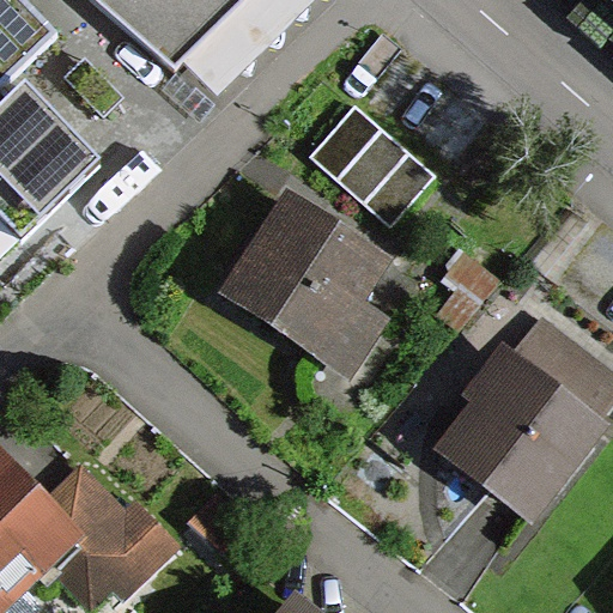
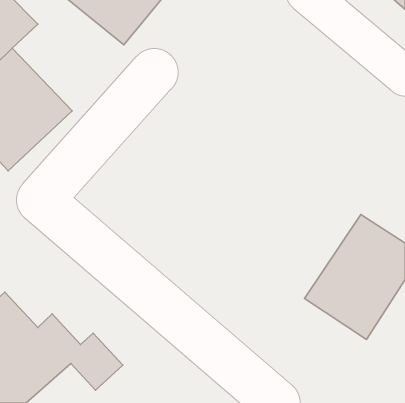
building: [302,101,429,221] -> none
building: [212,192,387,380] -> none

